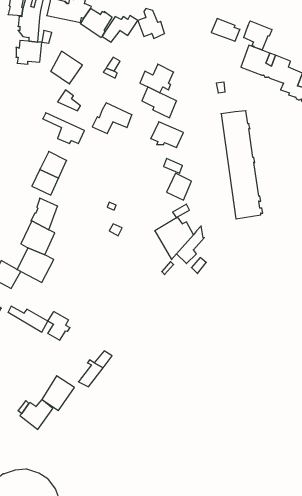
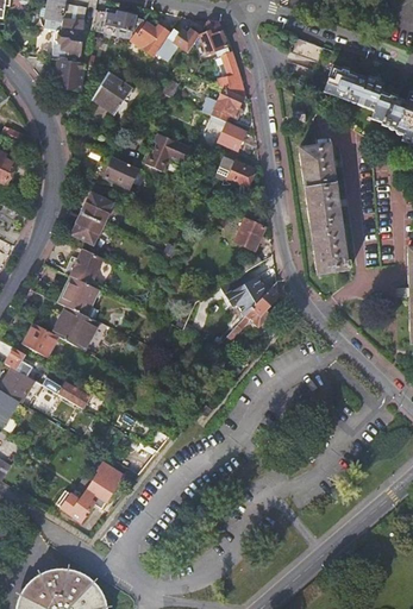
building: [244,21,272,50] -> none
building: none -> [219,52,245,98]
building: [48,312,70,340] -> none

